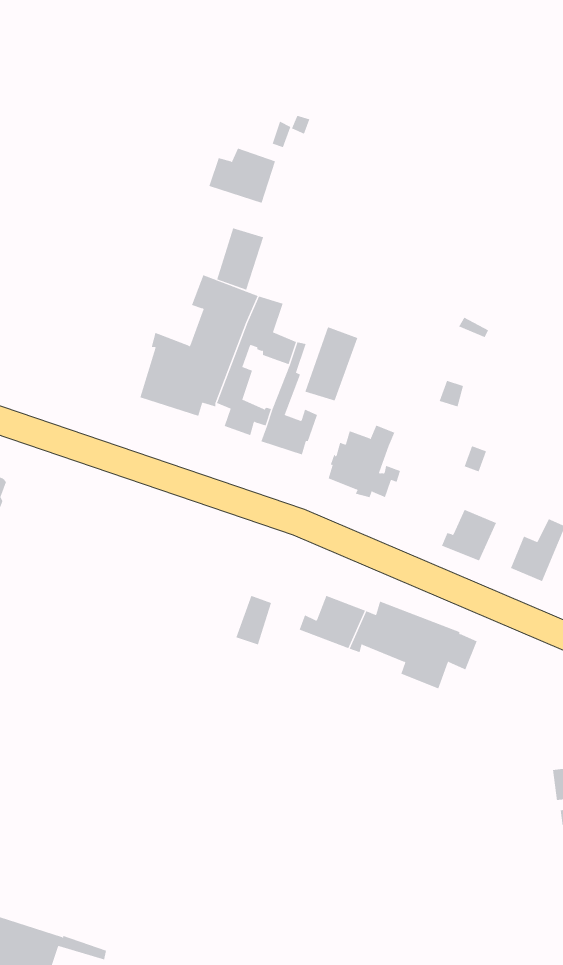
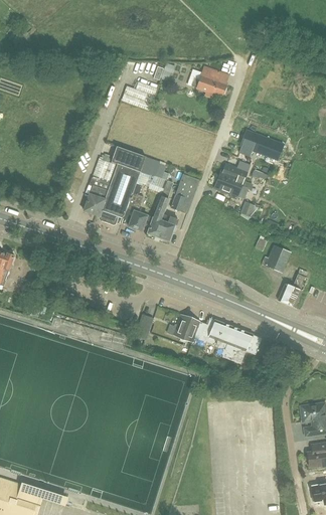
building: none -> [187,67,225,97]
building: [217,227,264,290] -> none
building: none -> [239,130,284,160]
building: [328,425,401,498] -> [214,160,253,198]
building: [441,509,497,561] -> [262,244,291,272]

